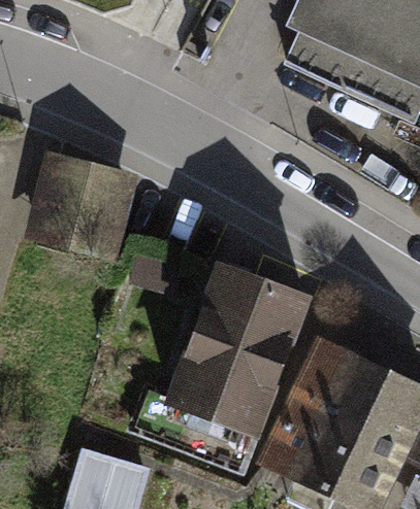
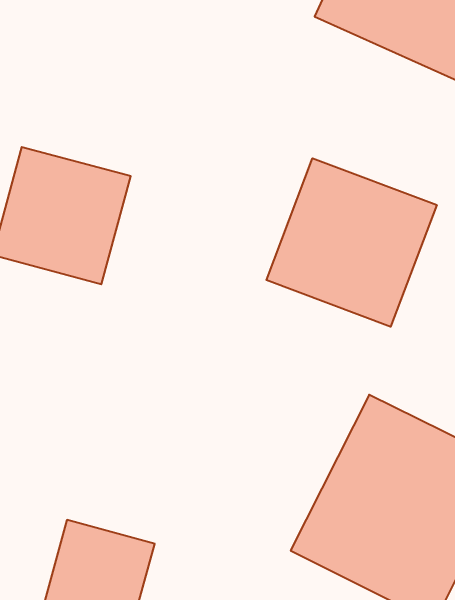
building: none -> [266,158,437,327]
building: [177,263,306,420] -> none

